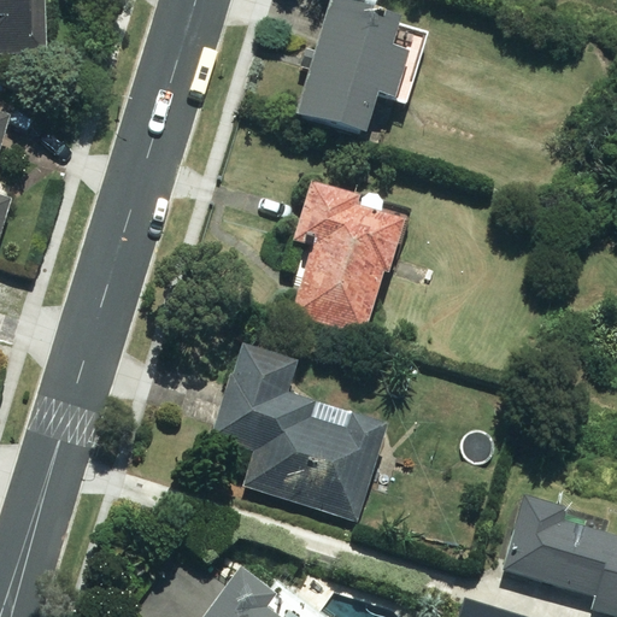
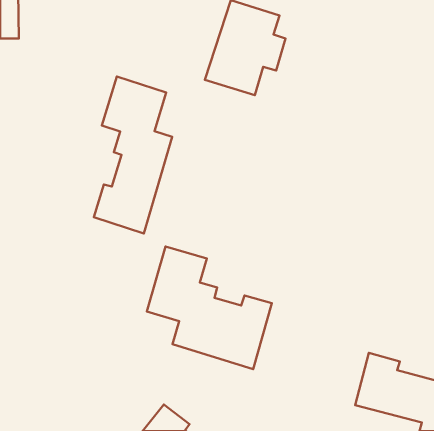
building: none -> [94,76,172,234]
building: [293,183,401,333] -> none

